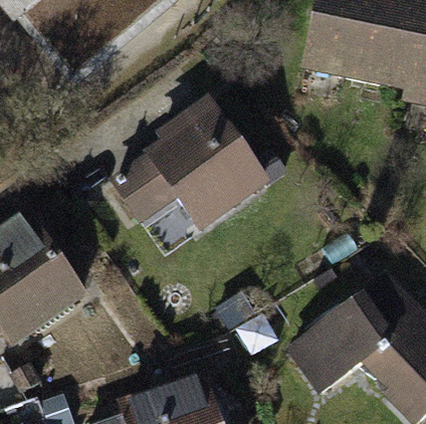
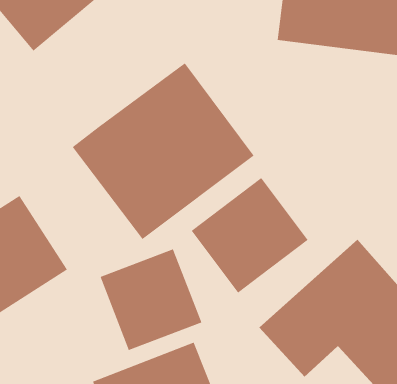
building: none -> [191,177,309,293]
building: none -> [100,248,202,351]

